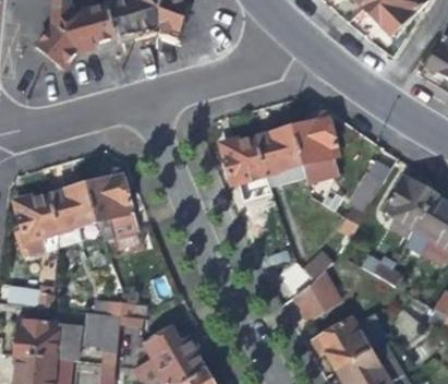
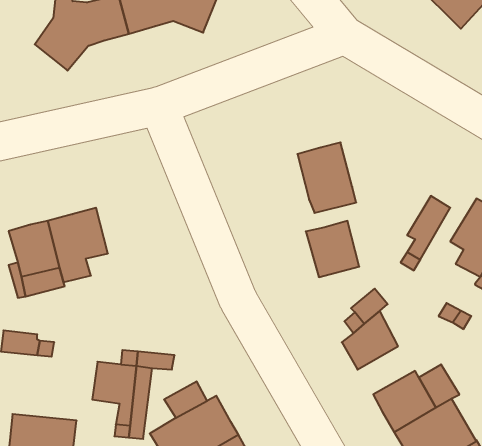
building: [291,118,338,165] -> none
building: [220,137,265,184] -> [306,221,359,277]
building: [87,173,136,238] -> none
building: [13,315,82,361] -> none

